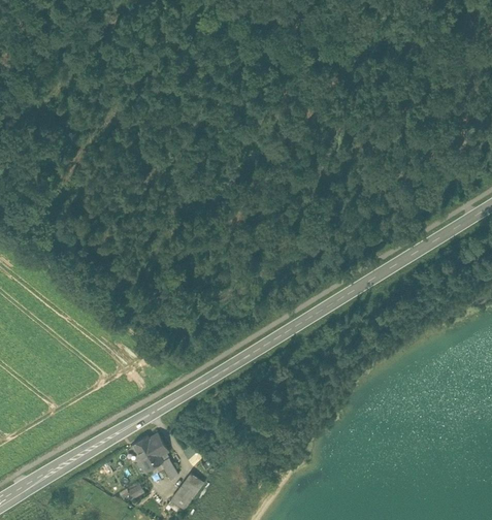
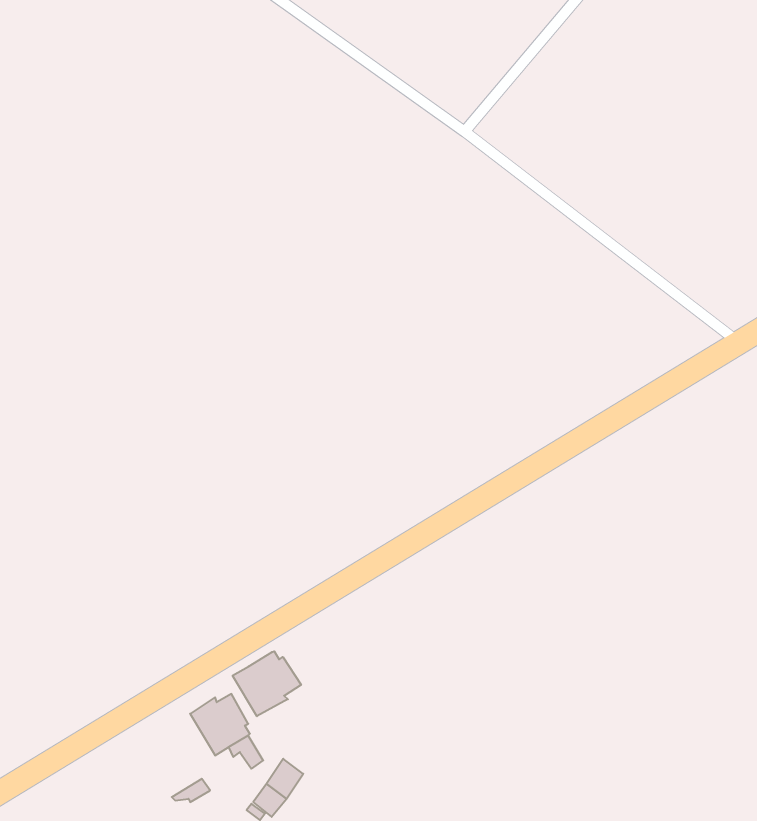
building: none -> [233,651,301,716]

